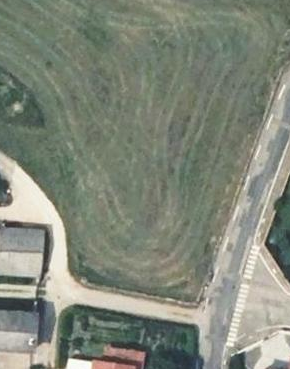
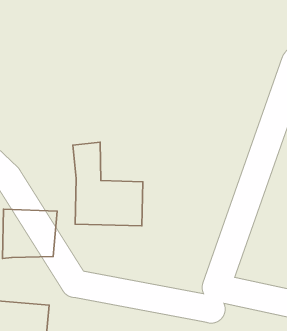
building: none -> [73,142,143,226]

